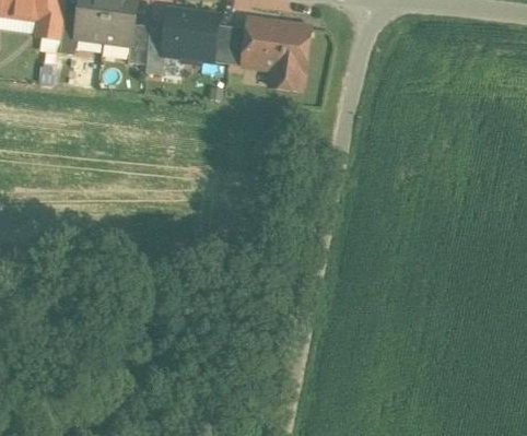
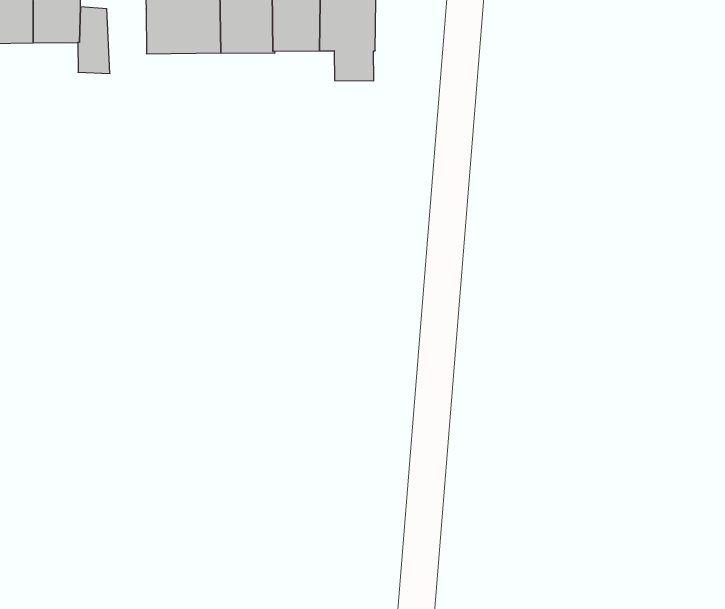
building: [143,26,171,70] -> none

